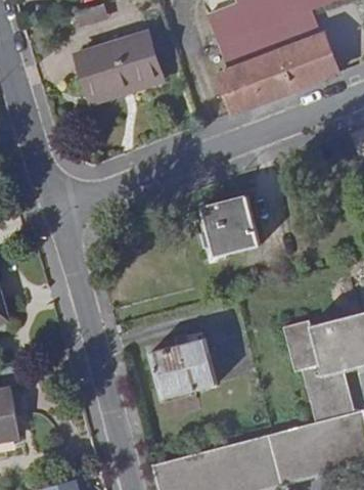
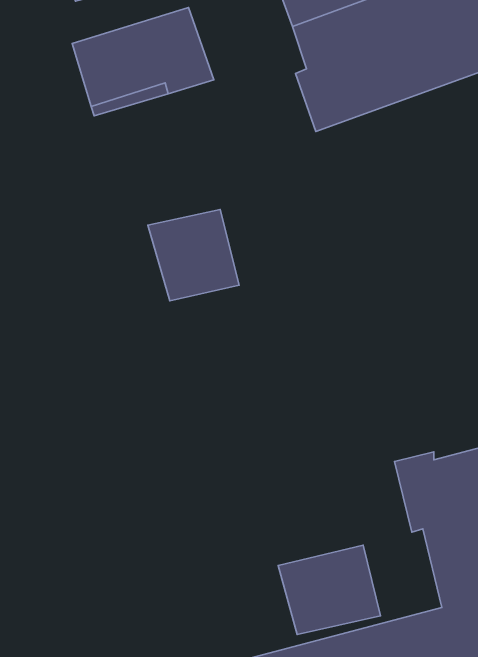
building: [202,196,262,256] -> [148,210,239,301]
building: [151,338,218,396] -> [278,545,380,635]

